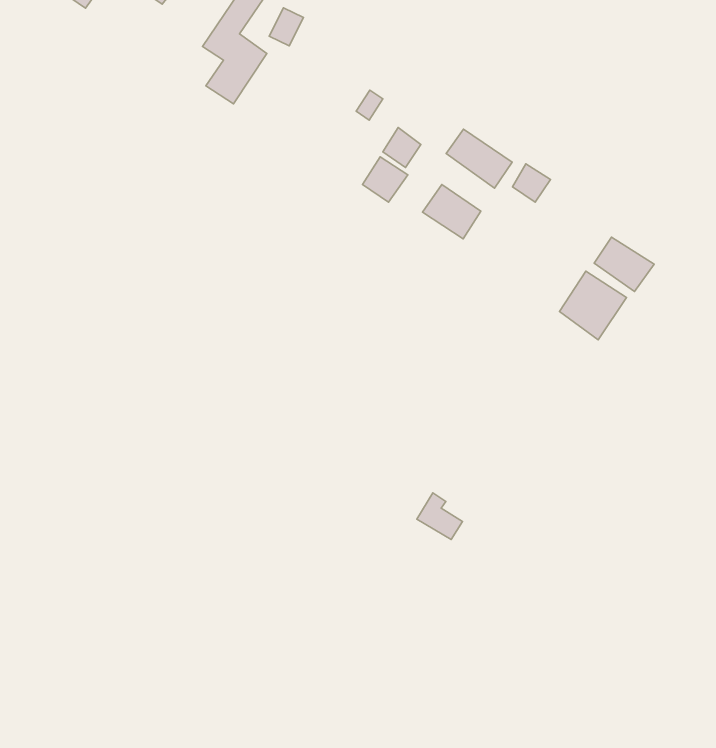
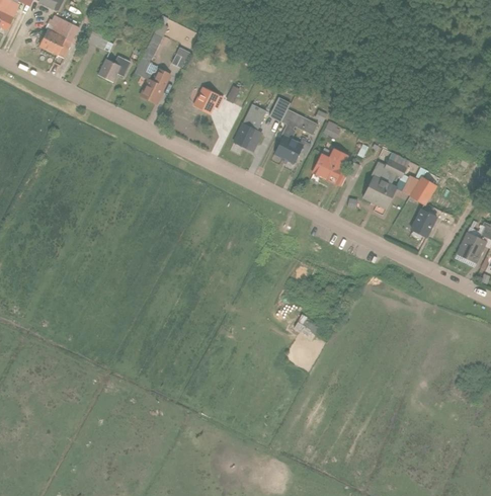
building: none -> [99,55,132,83]
building: none -> [193,87,225,115]
building: none -> [310,144,346,183]
building: none -> [404,176,437,236]

